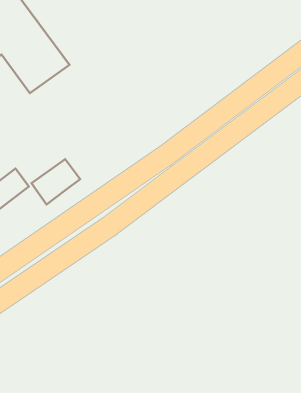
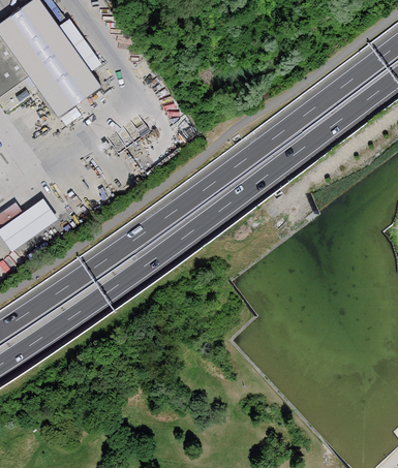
building: [31,159,80,204] -> none

